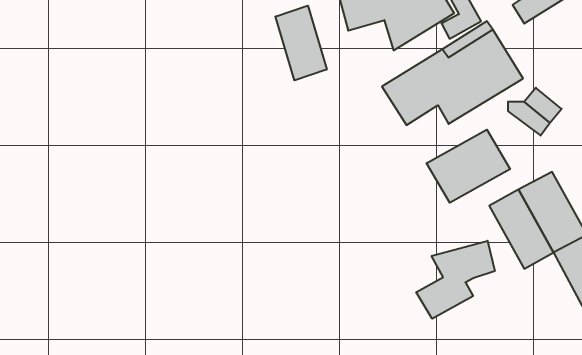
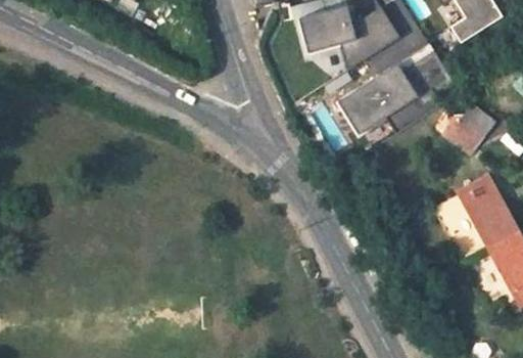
building: [275,6,327,80] -> none
building: [427,130,510,203] -> none
building: [416,241,495,319] -> none

